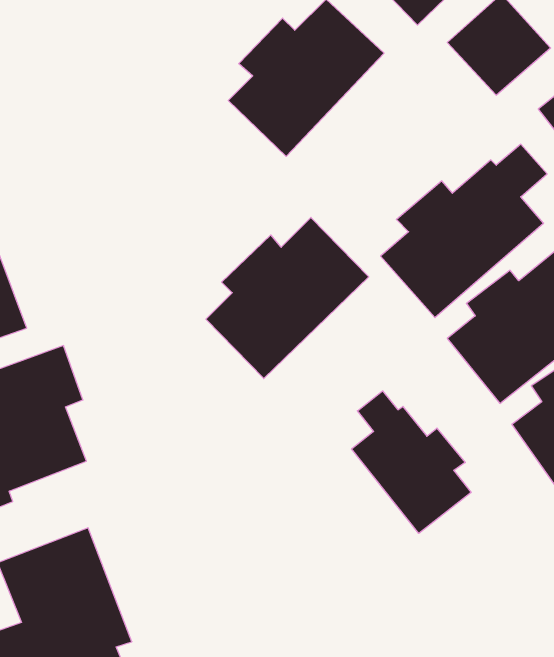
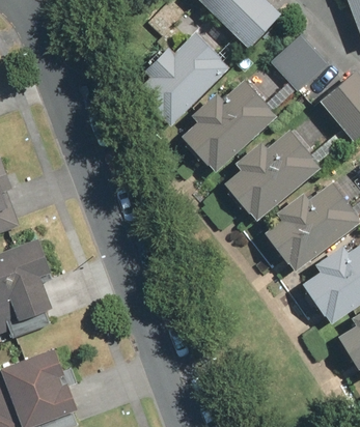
building: [206,217,369,379] -> [181,78,277,173]
building: [352,391,471,533] -> none

